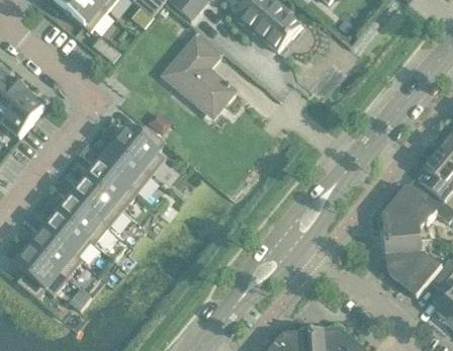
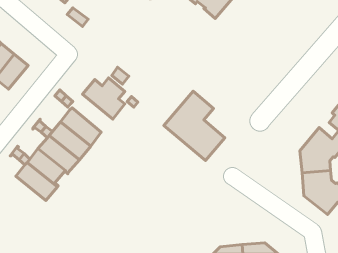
building: [160,31,236,117] -> [164,91,225,160]
building: [98,144,149,191] -> none
building: [14,246,66,297] -> none

